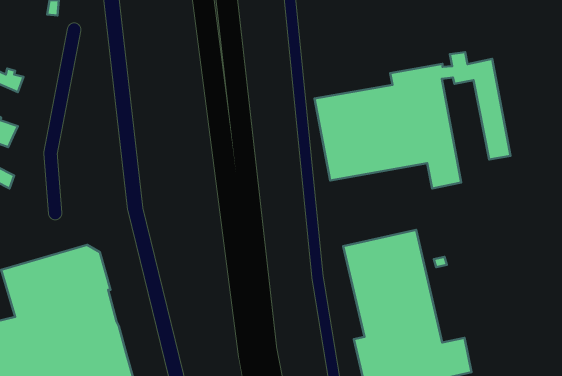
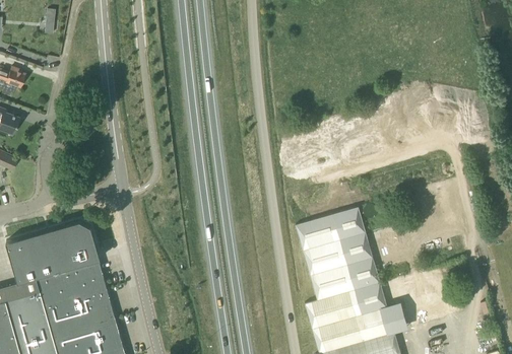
building: [314,52,510,188] -> none

